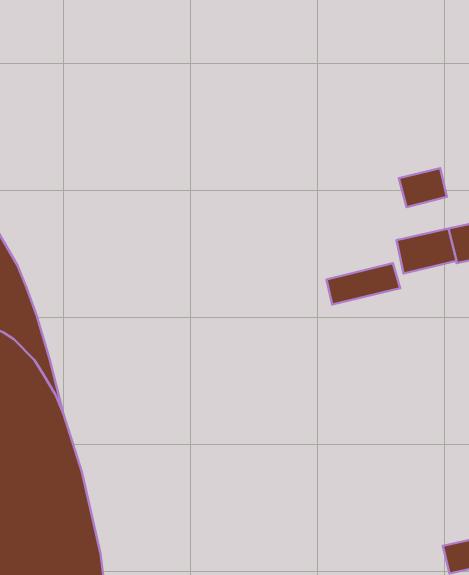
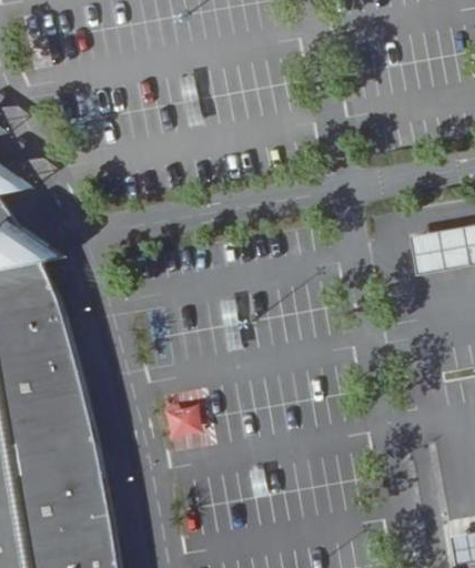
building: [399,168,447,207] -> none
building: [327,263,400,305] -> none

